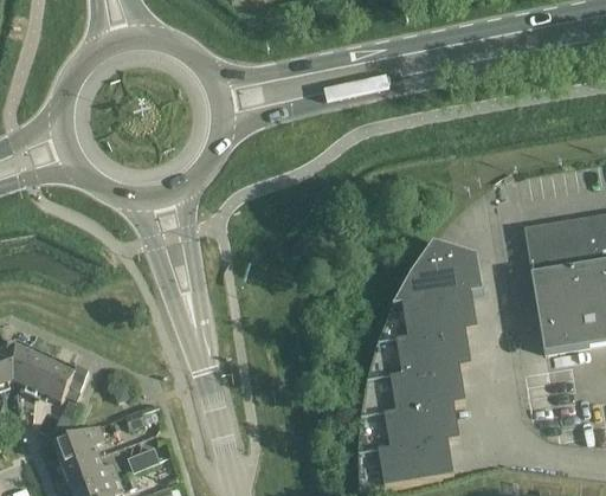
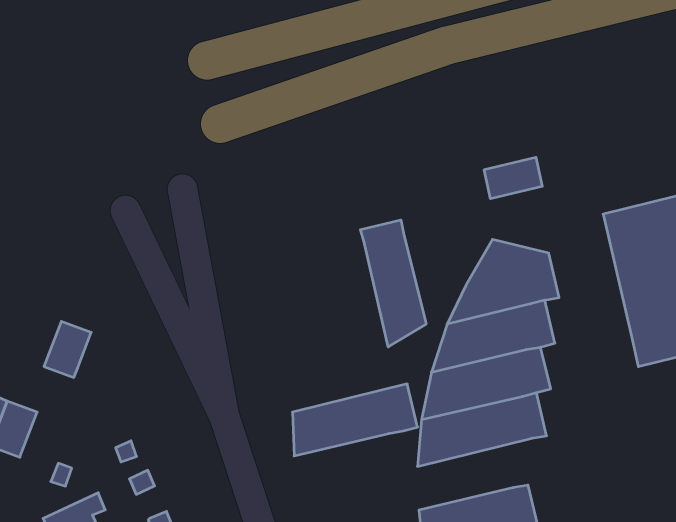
building: none -> [484,157,542,199]
building: none -> [360,220,426,347]
building: [38,356,78,402] -> [44,321,91,377]
building: [359,405,460,457] -> [292,384,418,456]

